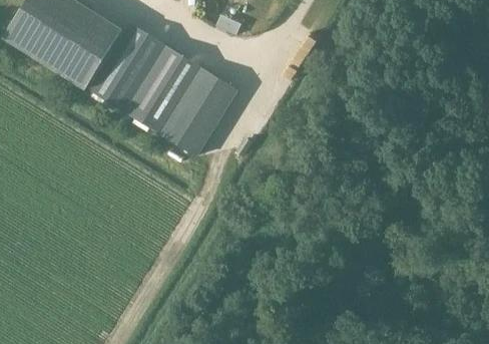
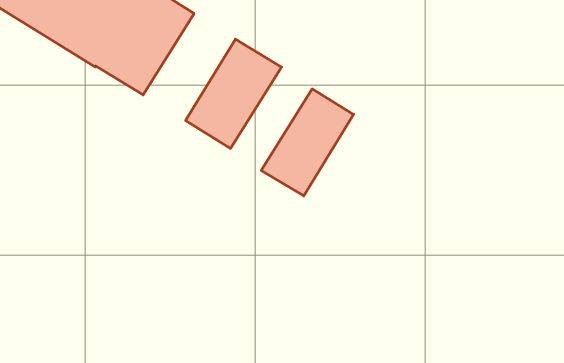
building: [123,45,199,133] -> [261,89,354,196]

